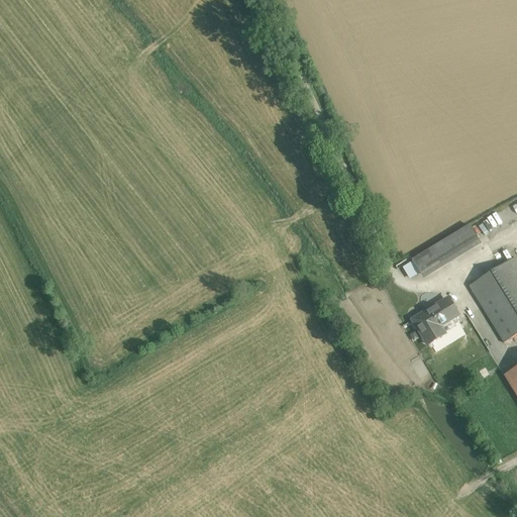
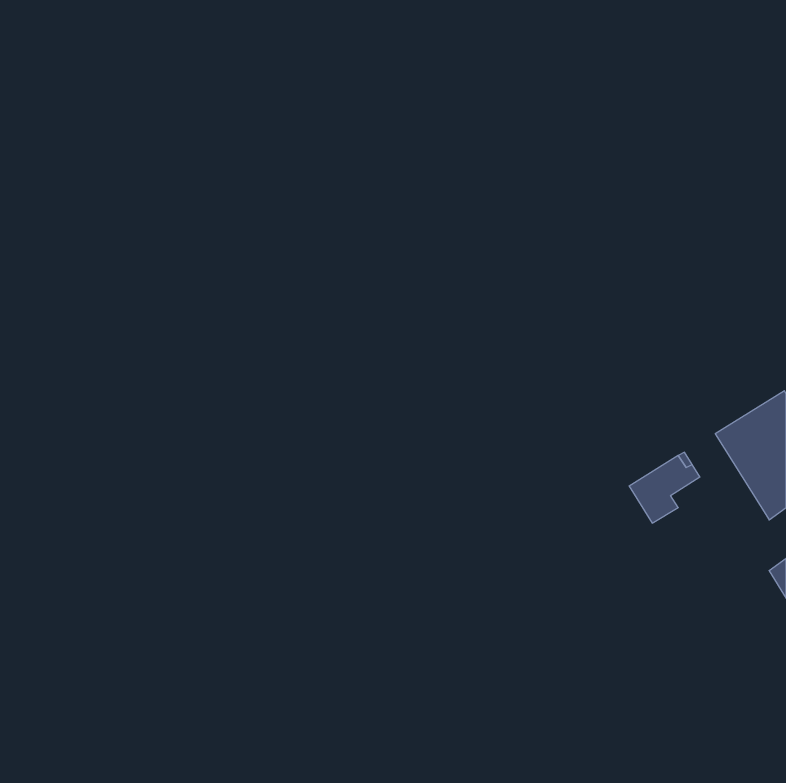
building: [413,224,478,272] -> none

